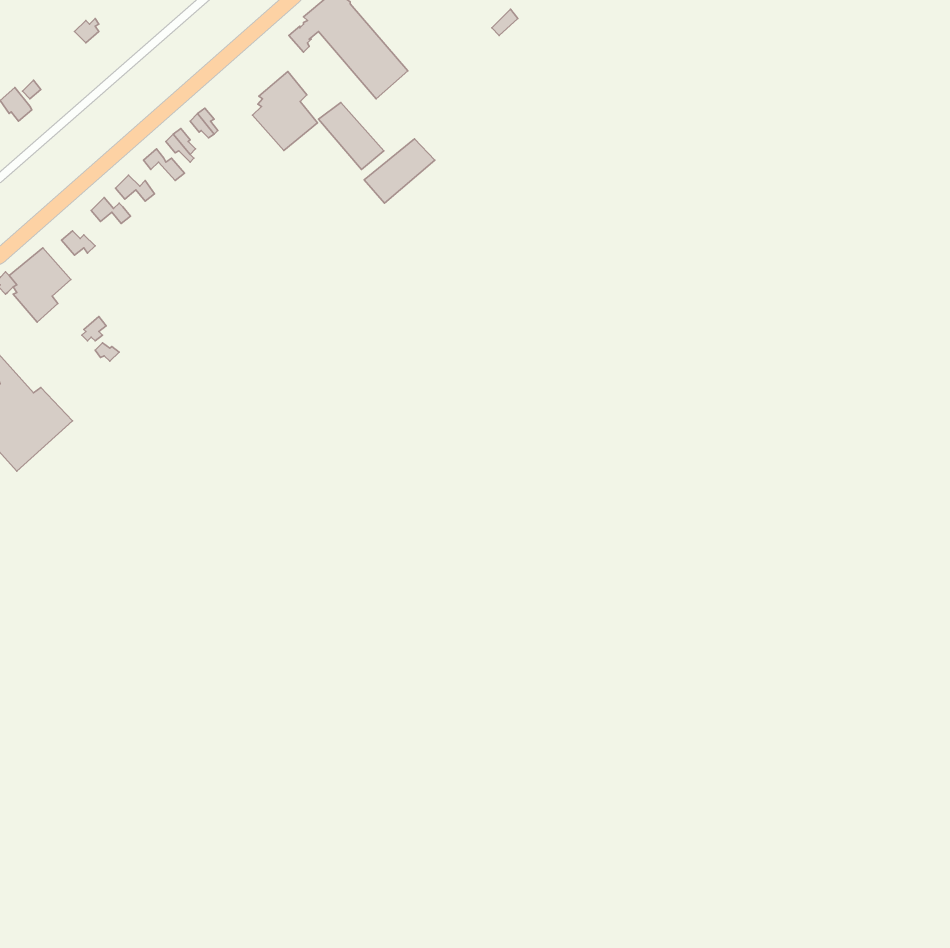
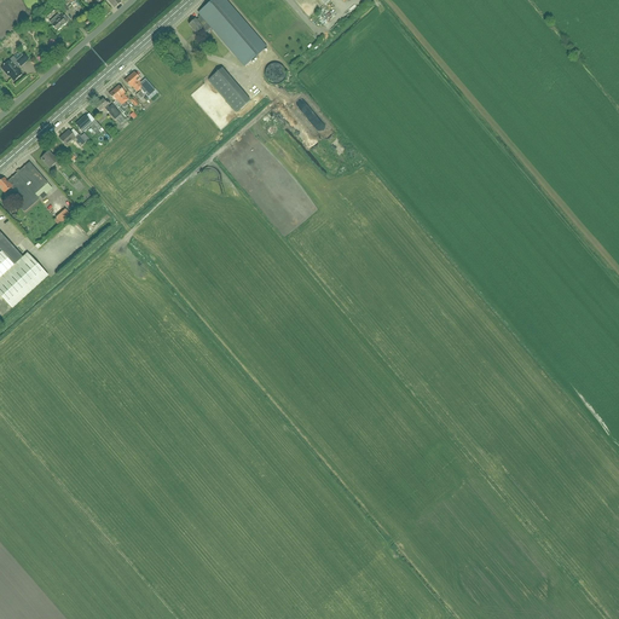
building: [253,72,317,151] -> none
building: [364,139,435,203] -> none

